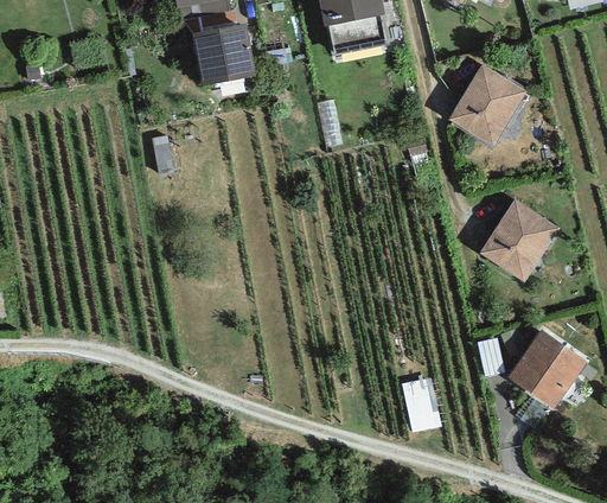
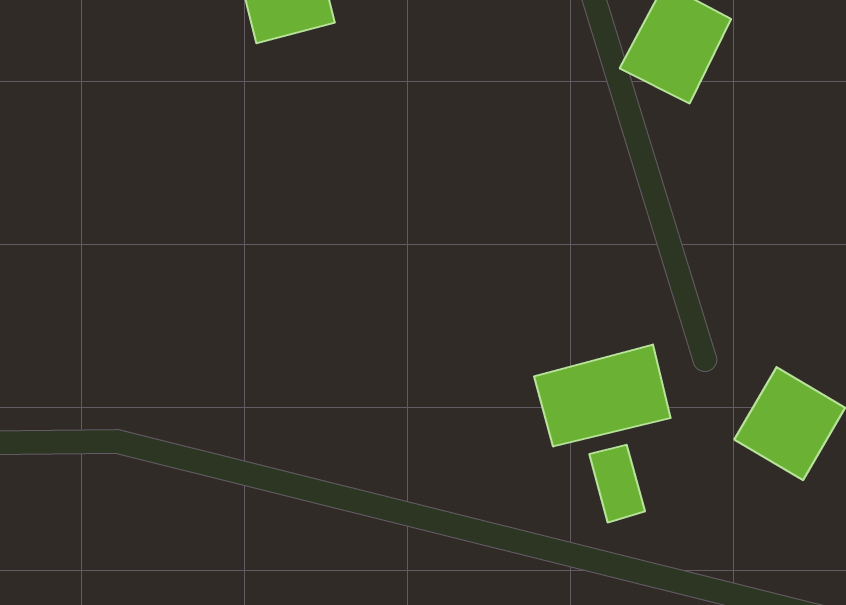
building: [480,198,558,282] -> none
building: none -> [534,344,671,447]

